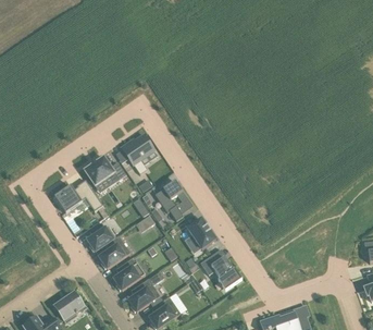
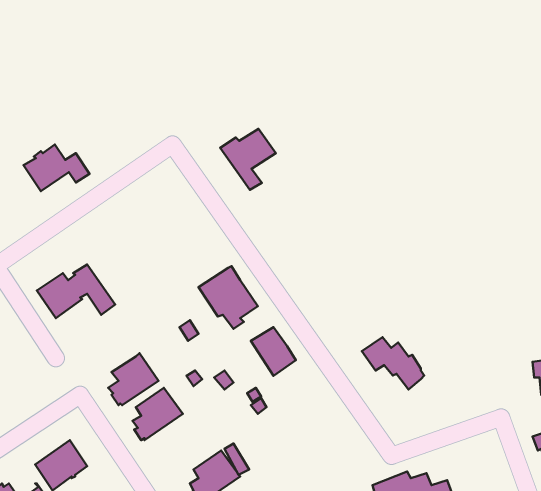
building: [120,135,154,173] -> [220,129,276,190]
building: [84,157,125,186] -> [24,144,90,191]
building: [87,222,115,252] -> none
building: [200,254,239,286] -> [362,337,424,389]
building: [128,279,159,311] -> none

